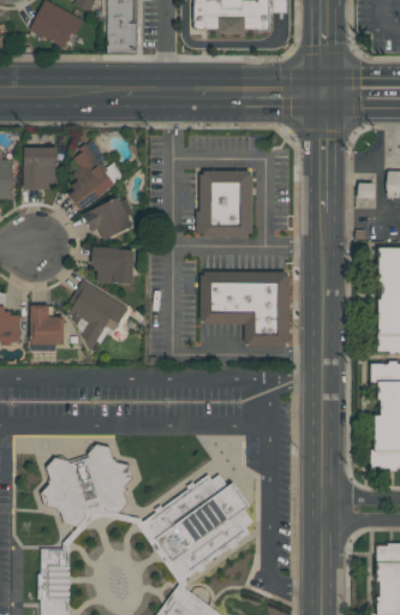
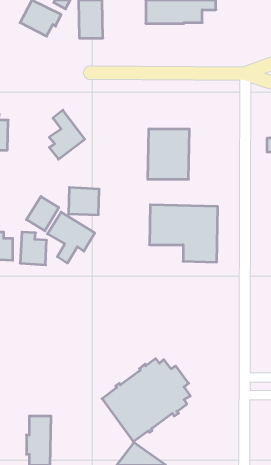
building: [23,147,58,190] -> none
building: [83,197,132,240] -> none
building: none -> [26,196,59,231]
building: [41,444,133,527] -> none

